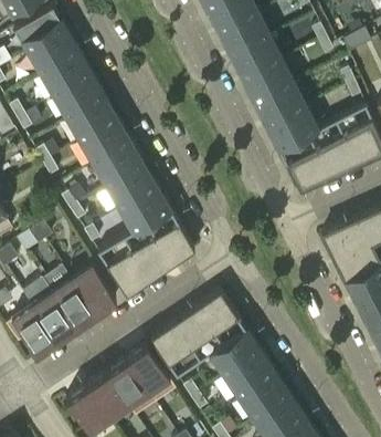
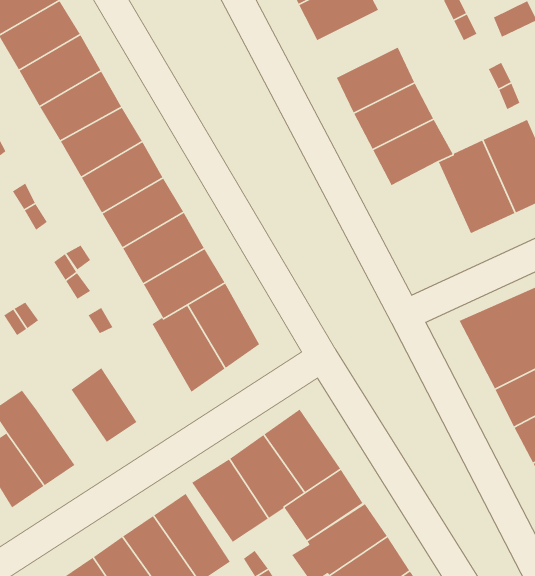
building: [230,34,282,77] -> none
building: [277,132,328,191] -> none
building: [96,236,149,295] -> none
building: [43,266,95,326] -> none

